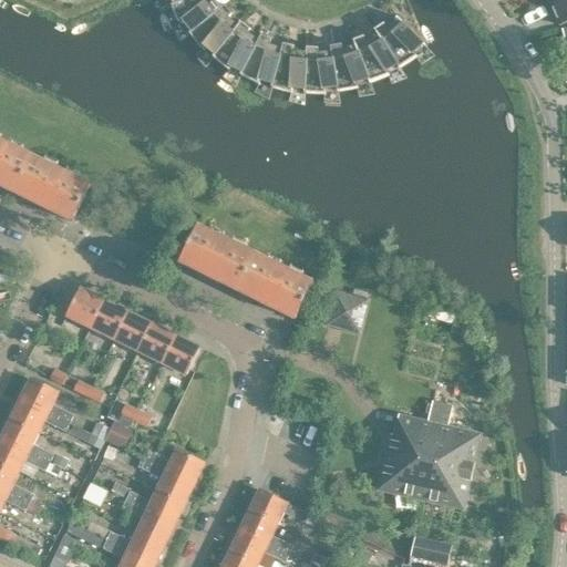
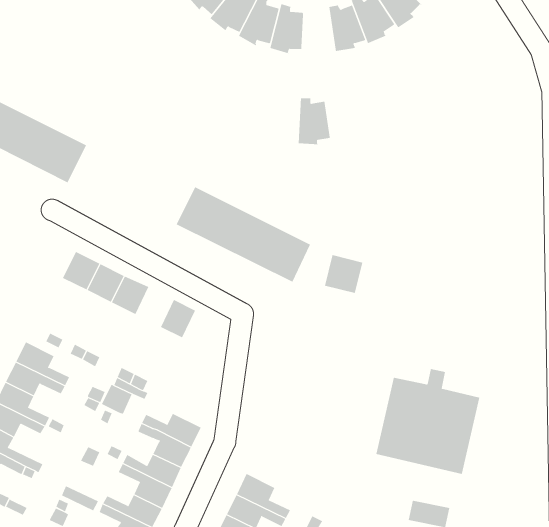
building: [303,44,337,92] -> [298,97,331,145]
building: [138,322,176,362] -> none
building: [248,487,308,522] -> none

